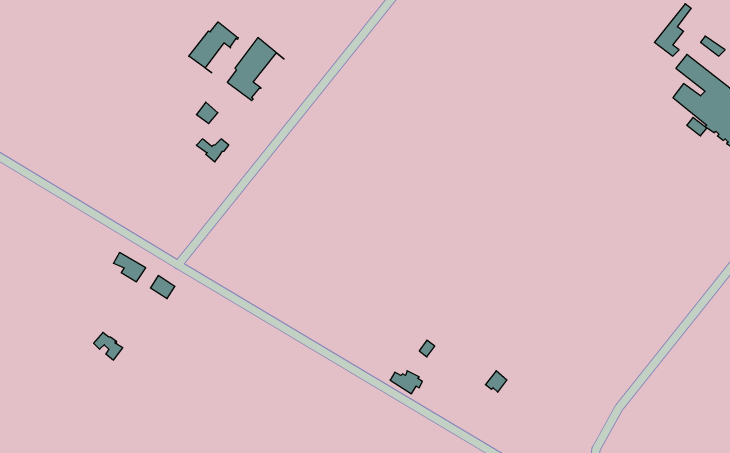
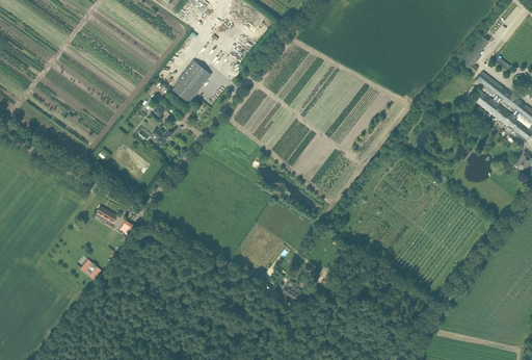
building: [189,22,238,73] -> none

